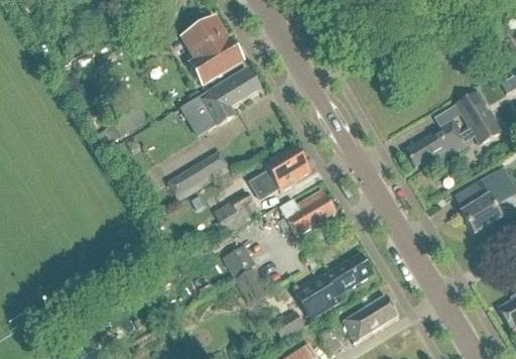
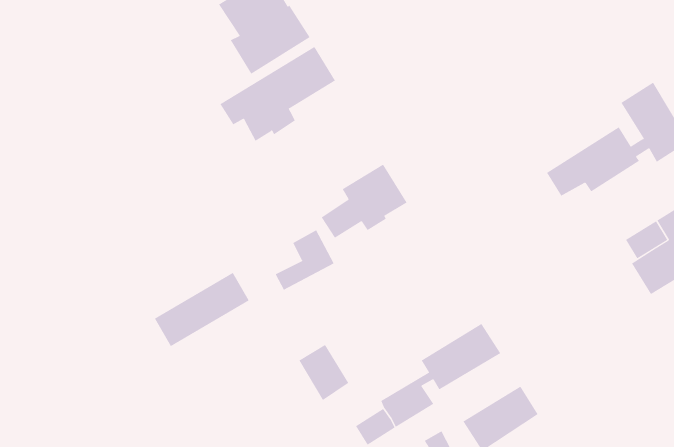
building: [166,149,231,200] -> [154,272,249,347]
building: [278,190,334,236] -> none
building: [222,243,256,276] -> none

